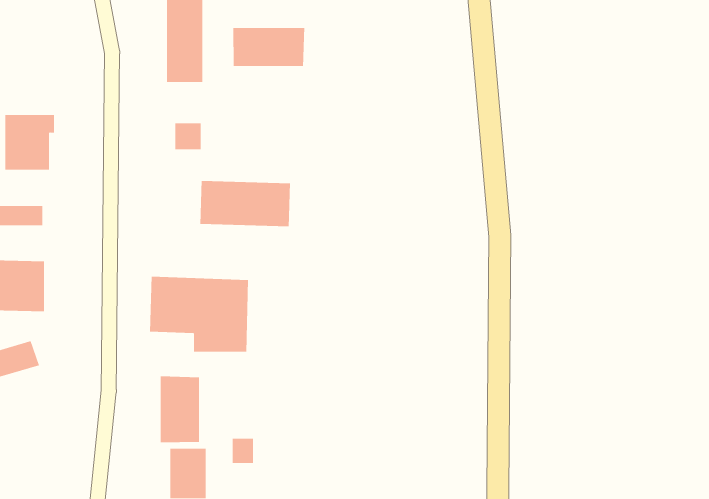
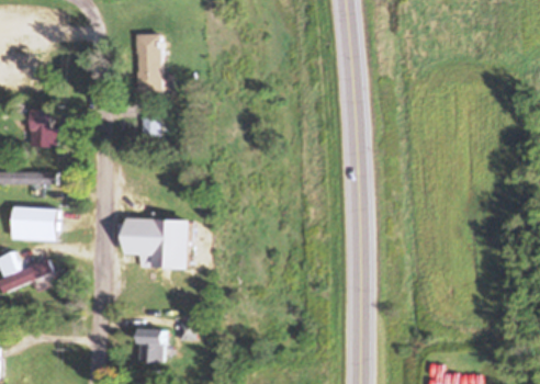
building: [233,27,305,67] -> none
building: [200,180,291,227] -> none
building: [160,376,200,443] -> none

